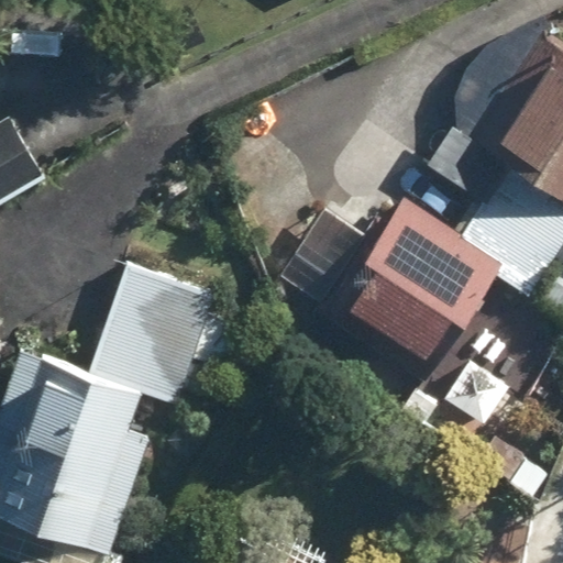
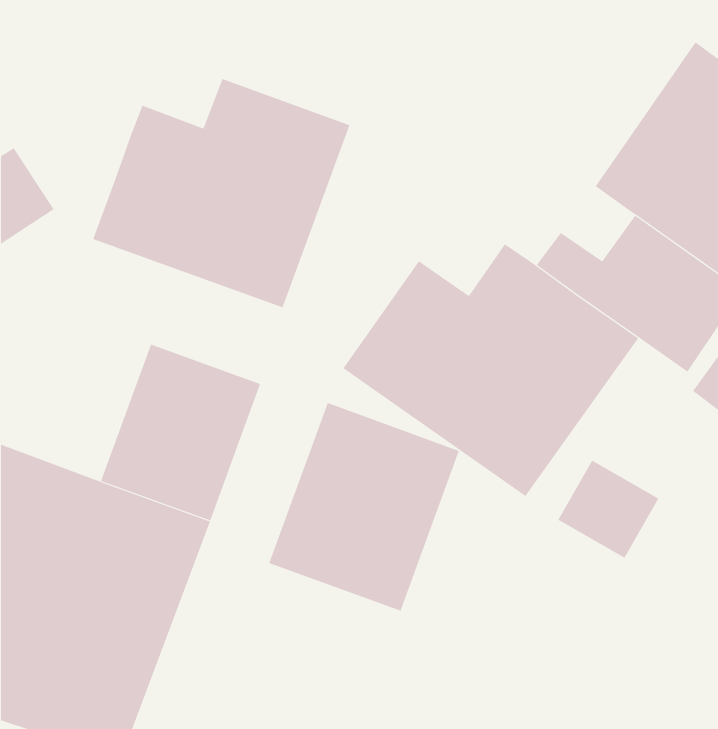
building: none -> [92,78,350,308]
building: none -> [269,402,460,612]

